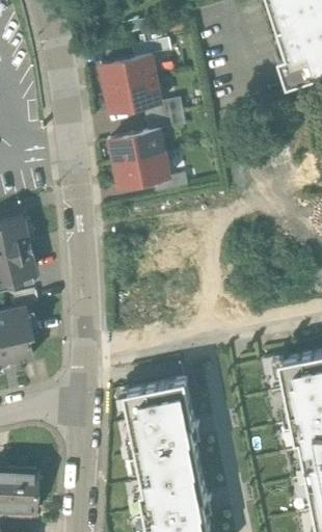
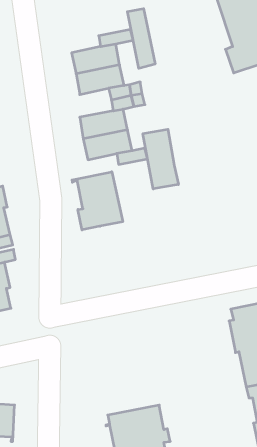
building: none -> [127,9,155,68]
building: none -> [143,129,178,189]
building: none -> [72,172,123,230]
building: [125,379,199,481] -> none

